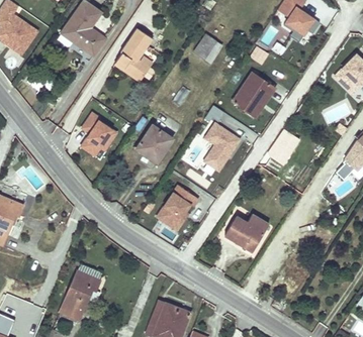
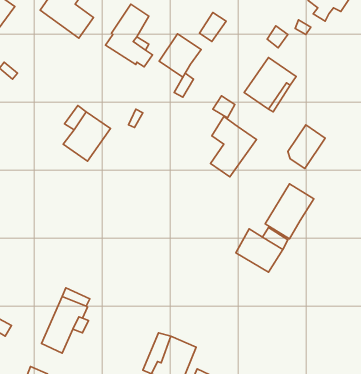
building: none -> [159,34,201,77]
building: [137,125,172,161] -> none
building: none -> [265,184,314,239]
building: [154,182,198,231] -> none

